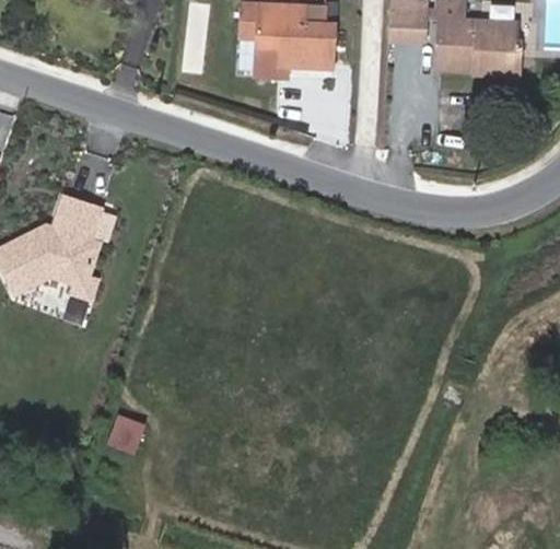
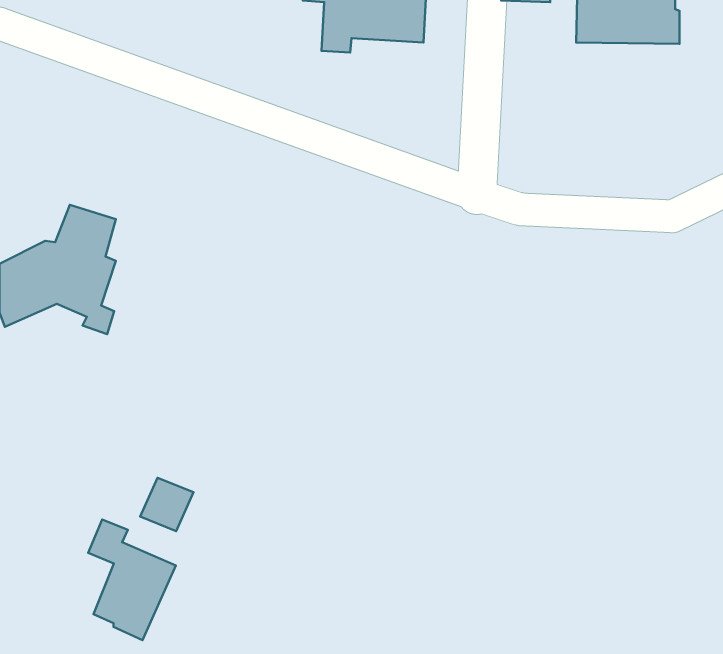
building: none -> [88,519,176,640]

